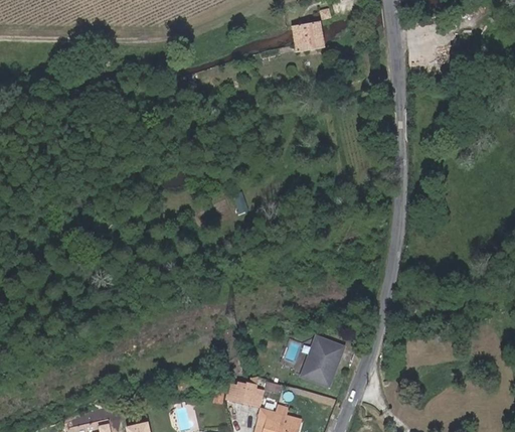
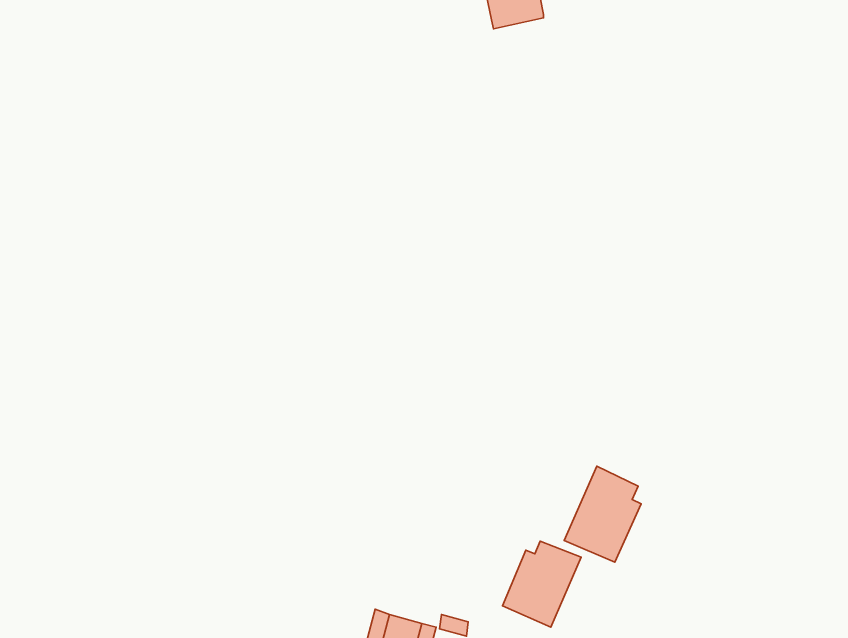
building: none -> [564,466,641,562]

